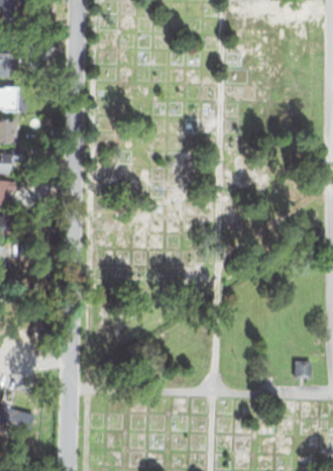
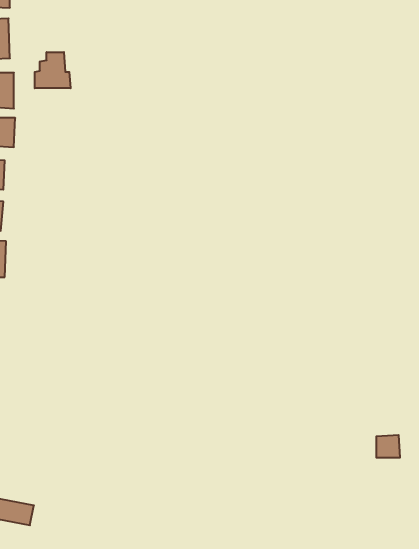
building: none -> [35,52,71,88]

